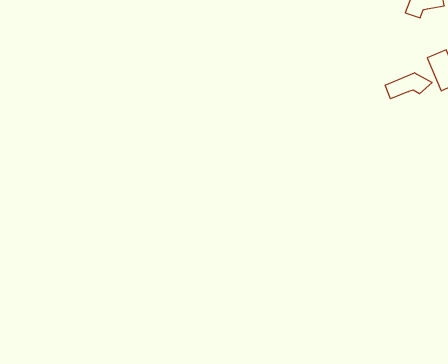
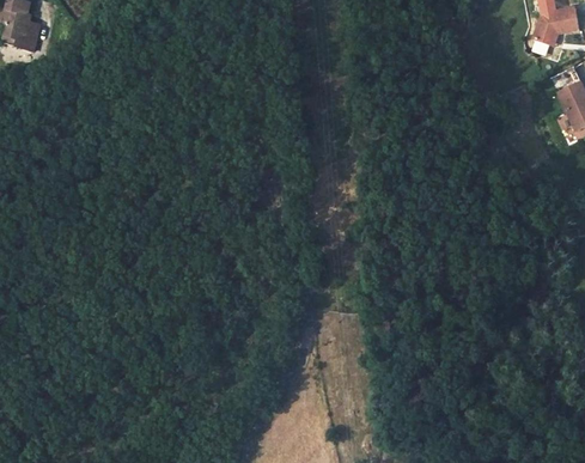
building: [385,73,432,99] -> none

